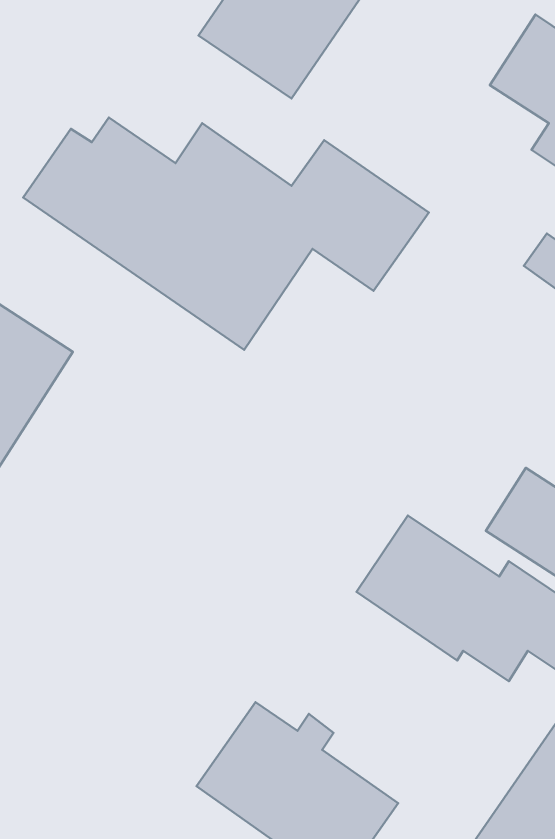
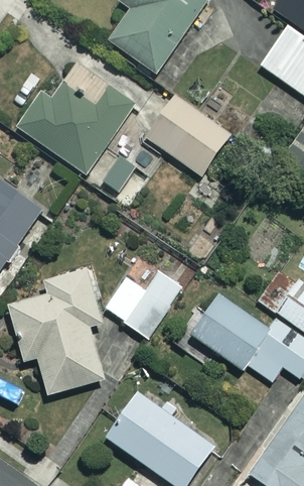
building: none -> [7,267,104,394]
building: none -> [105,269,183,338]

